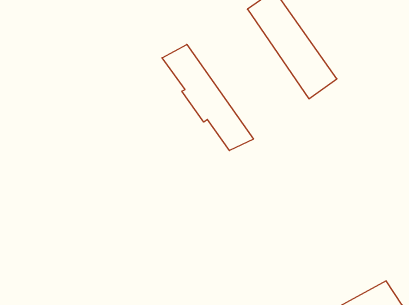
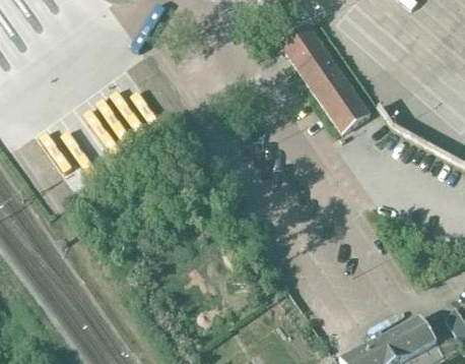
building: [162,44,253,151] -> none

